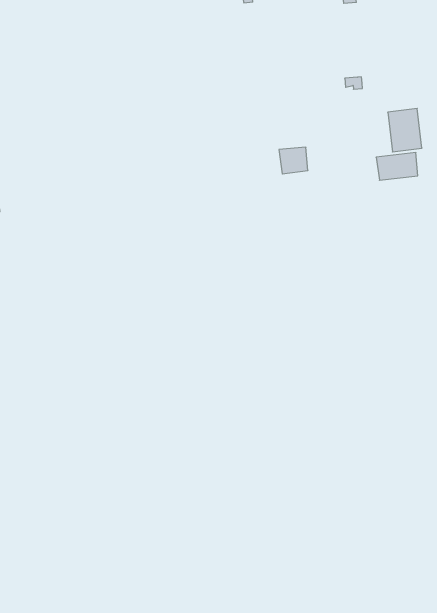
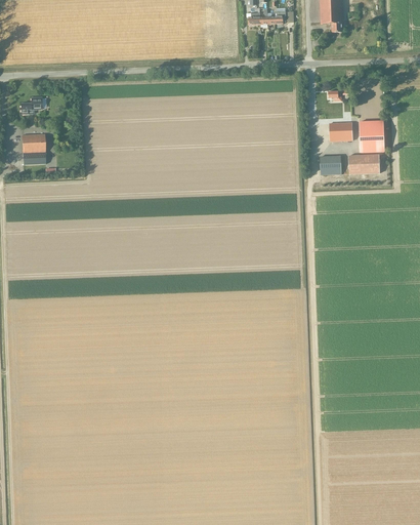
building: none -> [329,121,352,140]
building: [279,147,308,174] -> [320,155,341,174]

